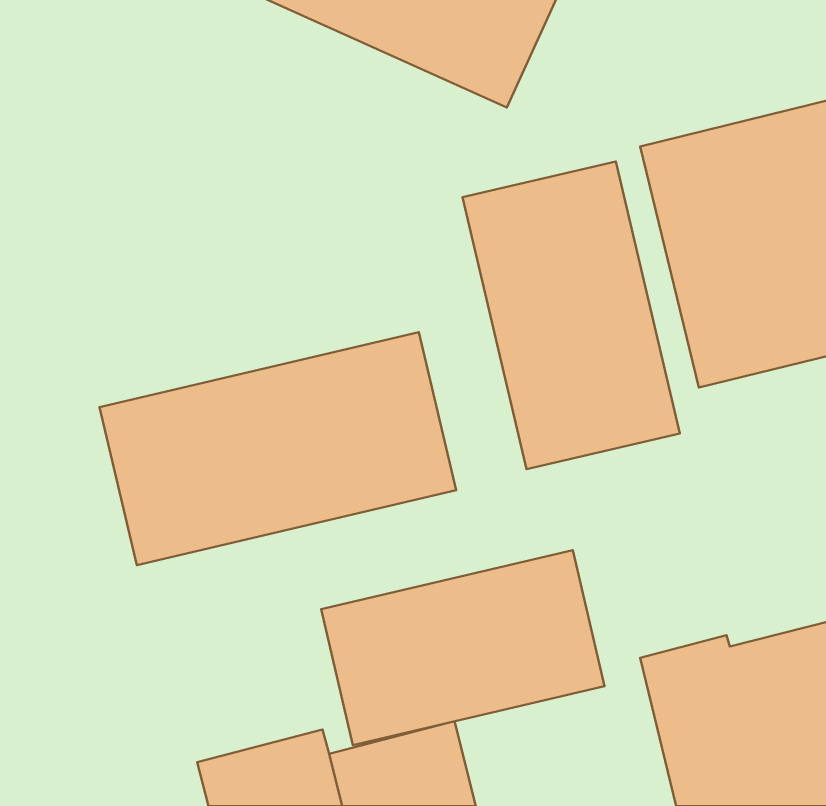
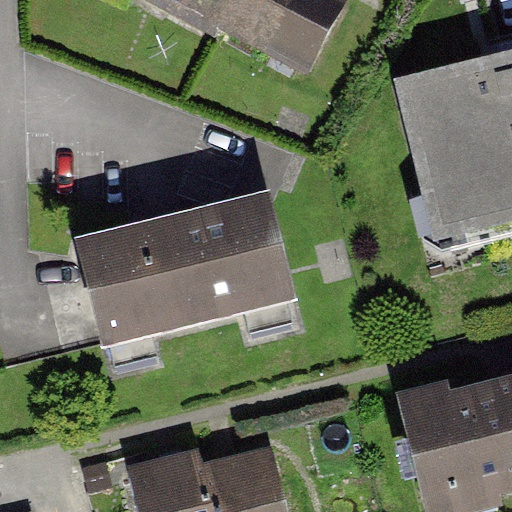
building: [463,161,680,469] -> none
building: [321,550,604,745] -> none

